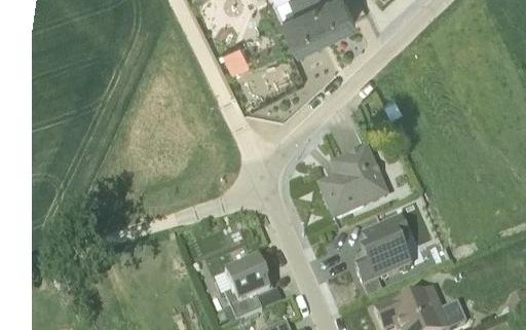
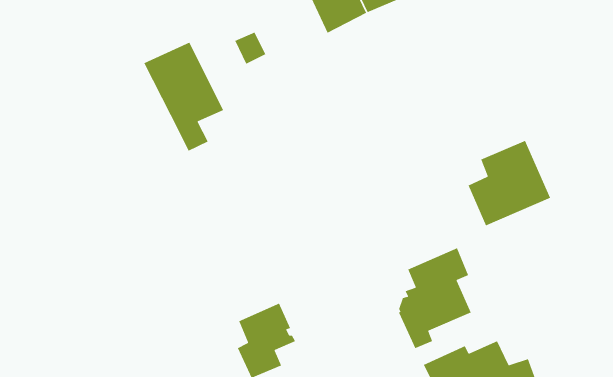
building: none -> [143,41,224,152]
building: [320,153,386,222] -> [467,140,551,226]

